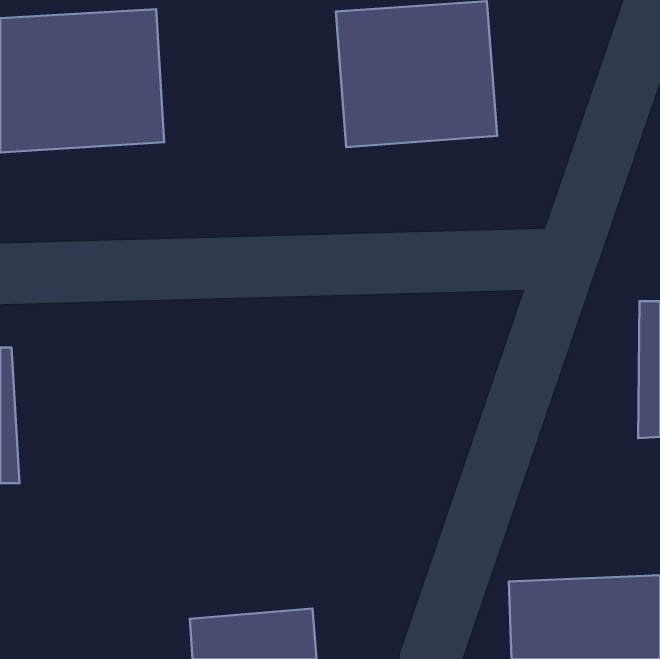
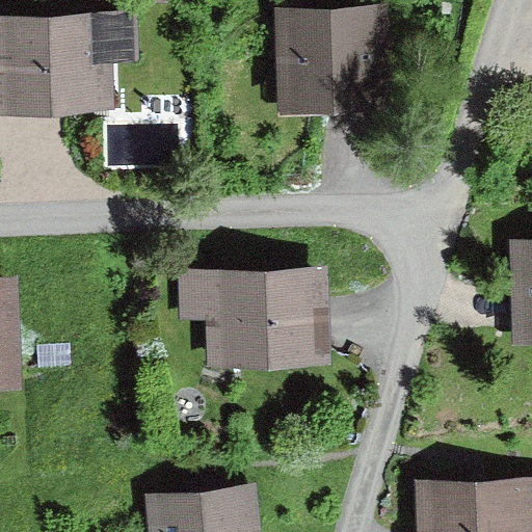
building: none -> [177,271,334,372]

